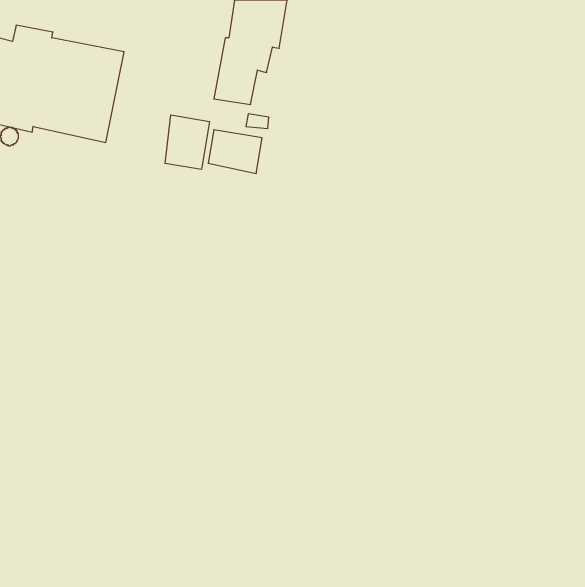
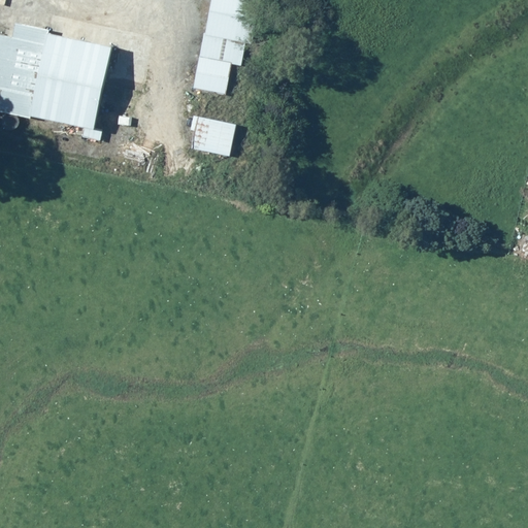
building: [165,115,210,169] -> none

